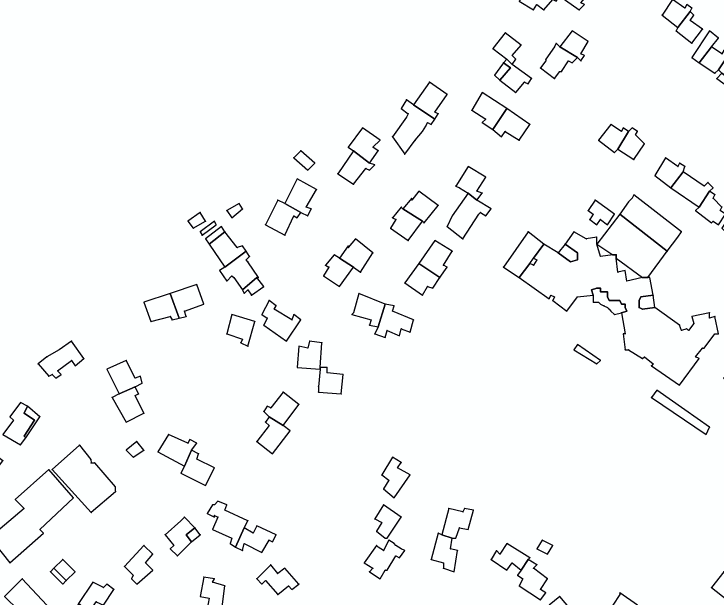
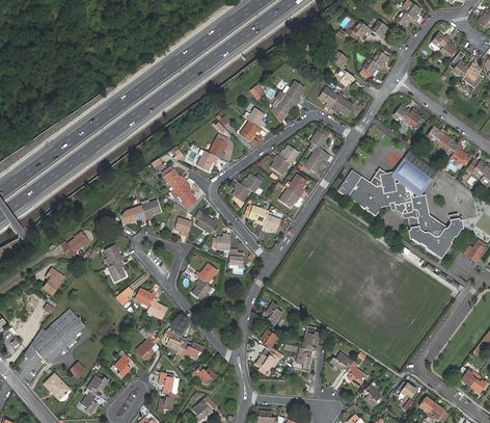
building: [52,445,115,513] -> none

